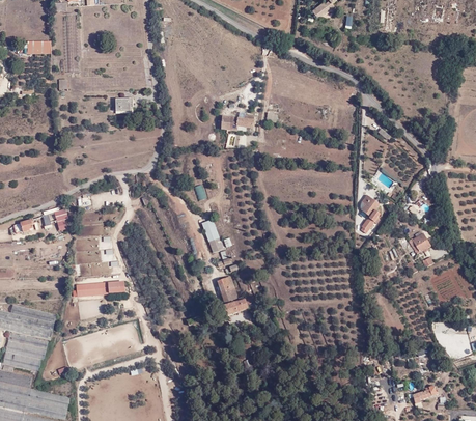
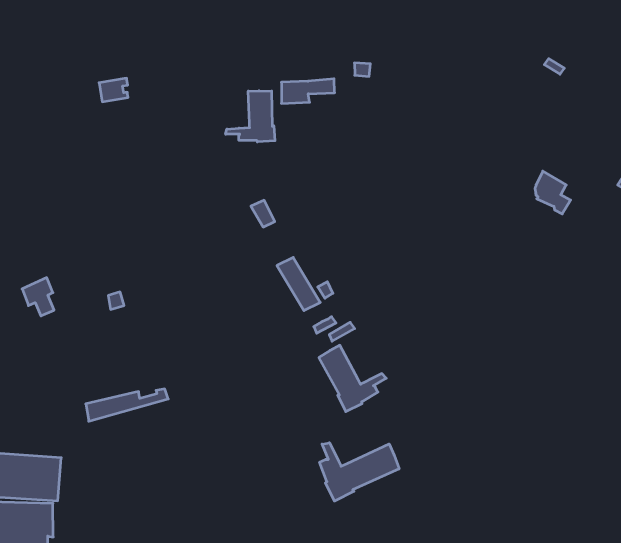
building: none -> [226,91,275,142]
building: none -> [320,443,399,501]

